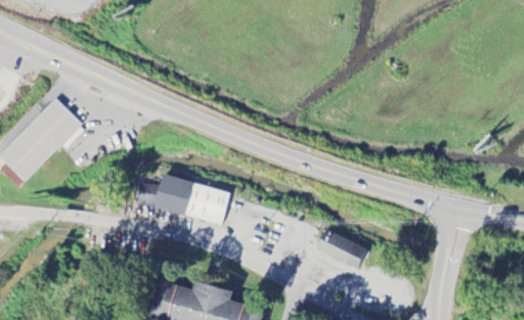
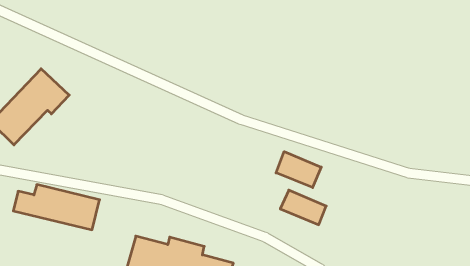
building: [134,175,228,224] -> [13,185,100,230]
building: none -> [276,152,321,188]

